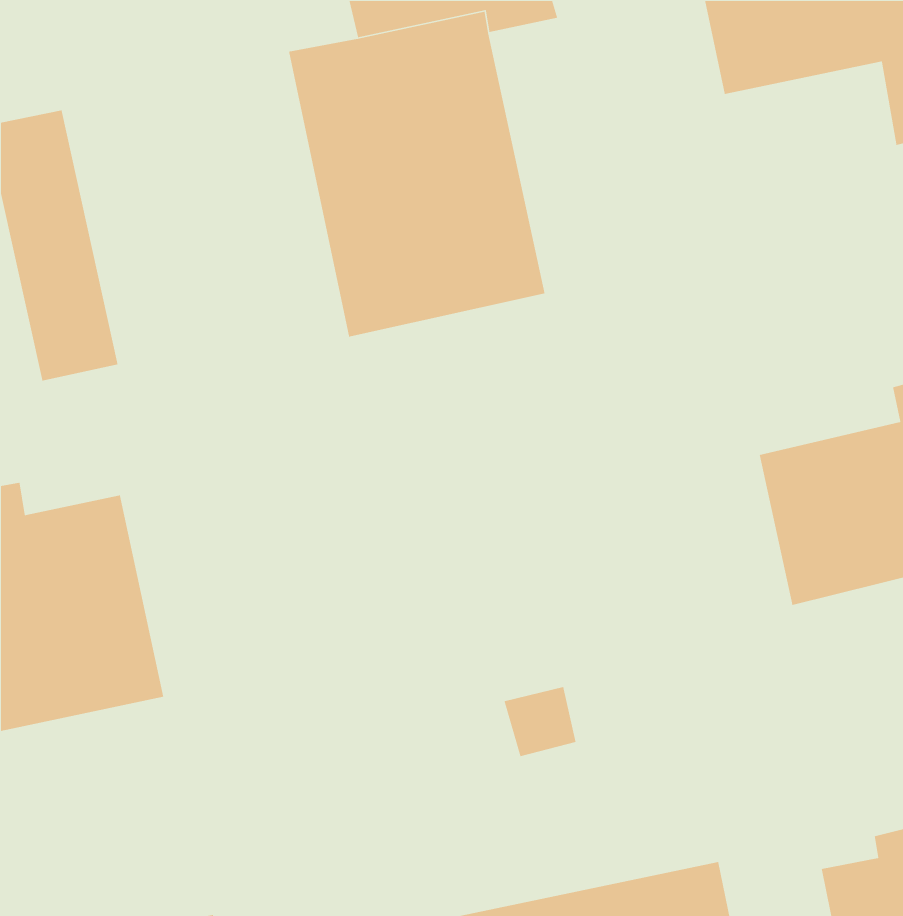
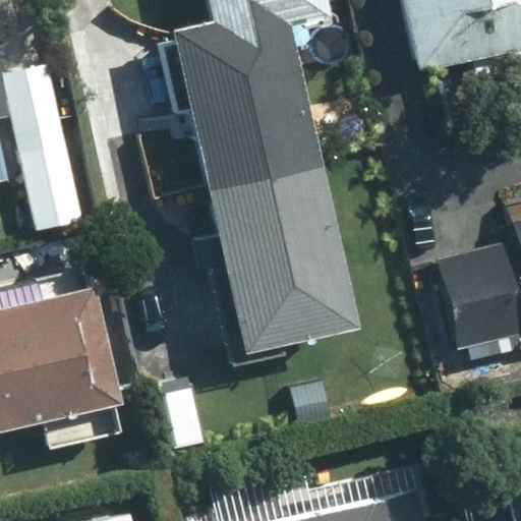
building: none -> [211,173,354,352]

